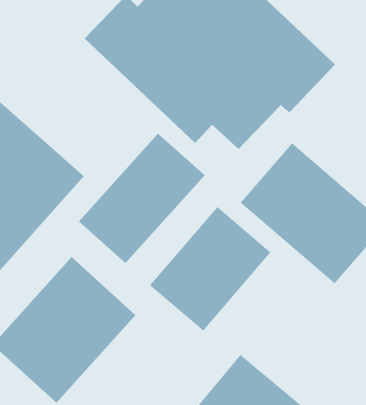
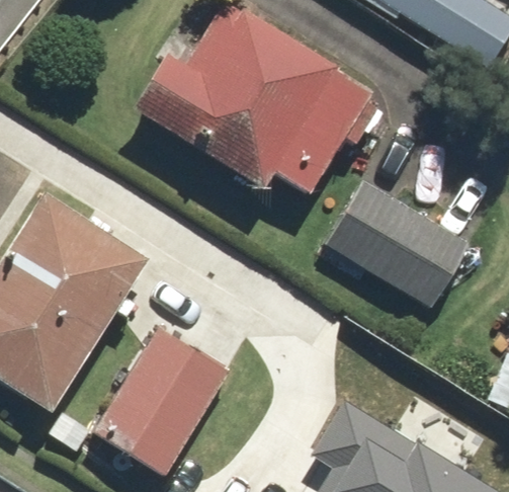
building: [78,133,205,264] -> none
building: [149,206,271,331] -> none

